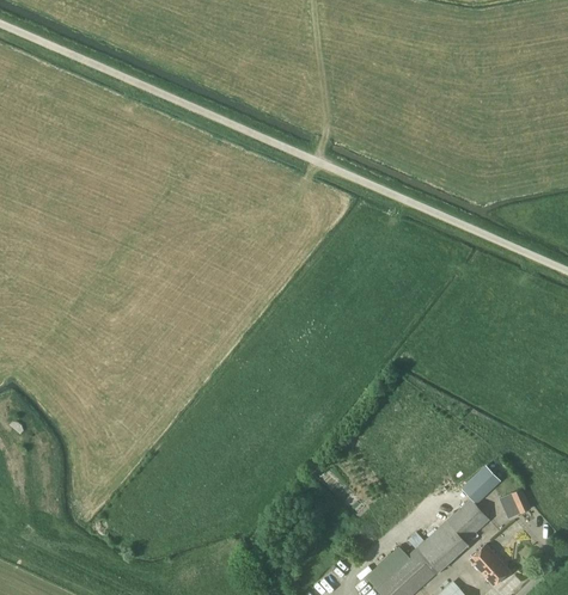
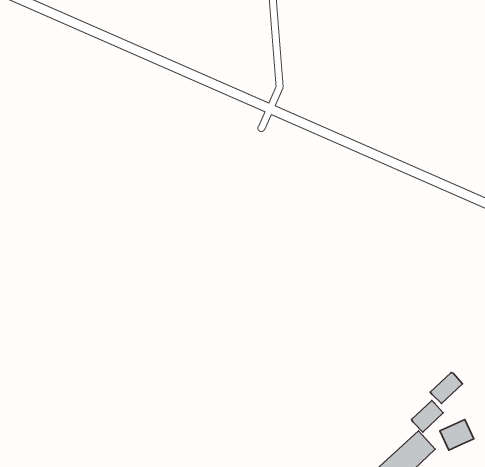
building: none -> [430,372,462,404]

